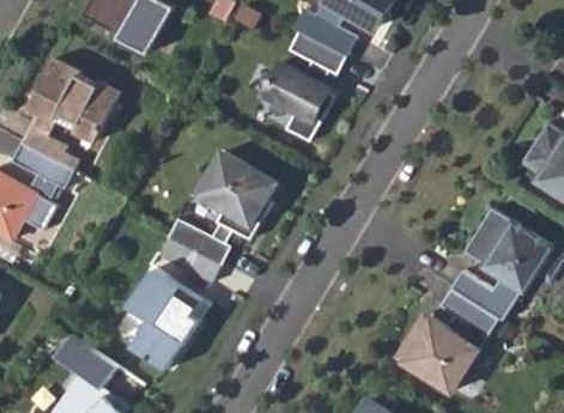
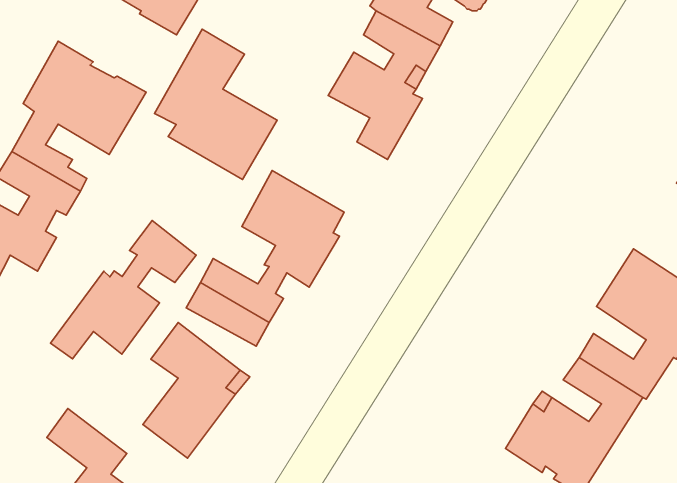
building: none -> [154,29,277,180]
building: none -> [51,221,196,359]

